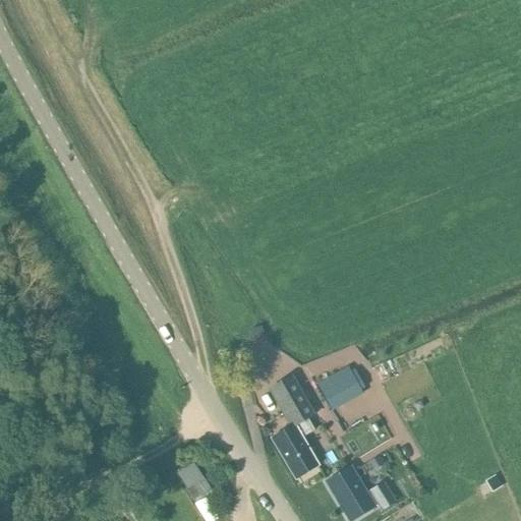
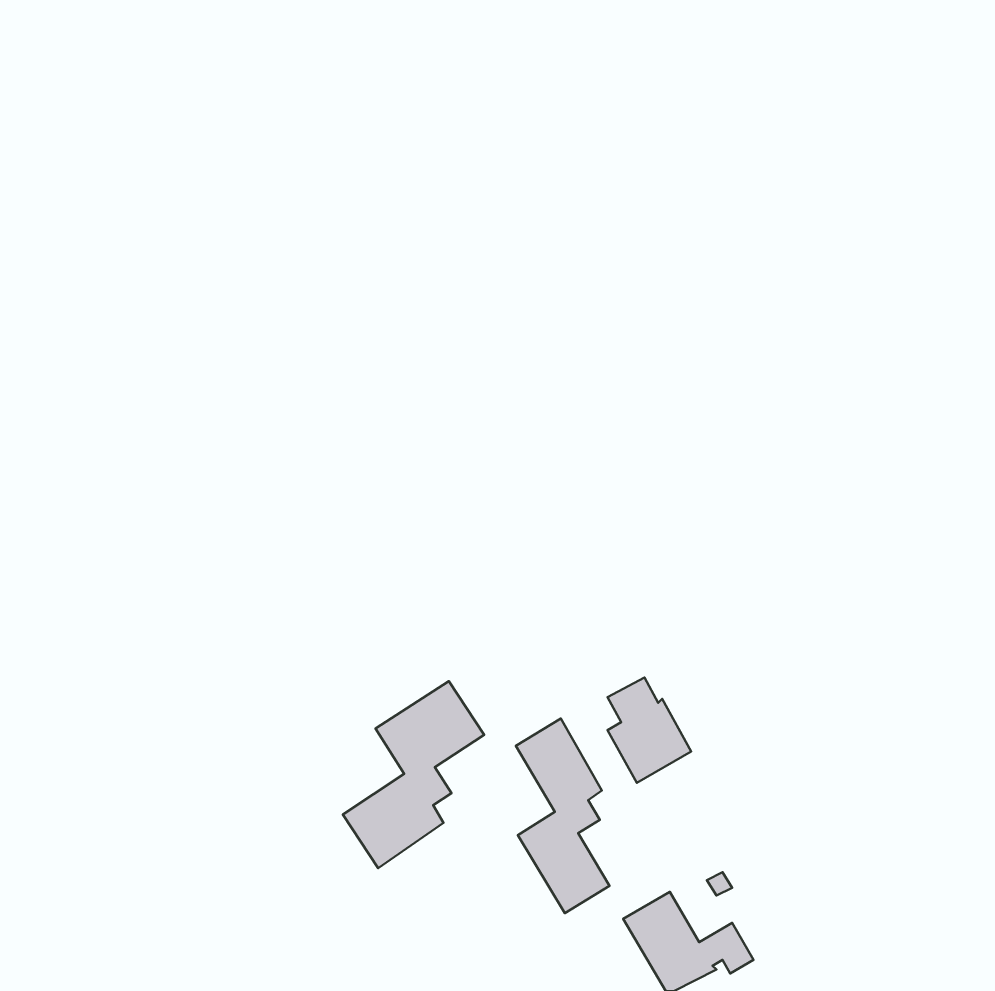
building: none -> [343,681,484,868]
building: [178,462,213,502] -> none

